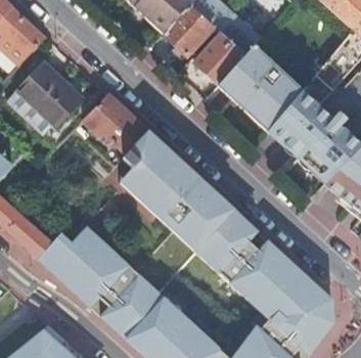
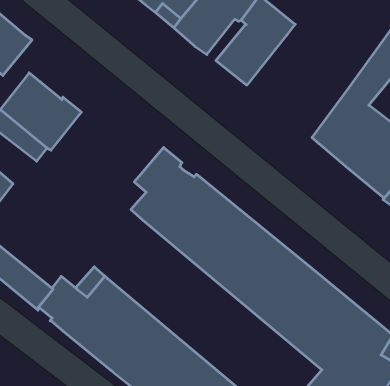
building: [220,45,303,130] -> none
building: [84,95,148,153] -> none

